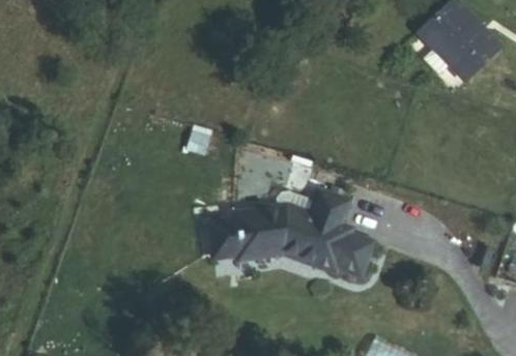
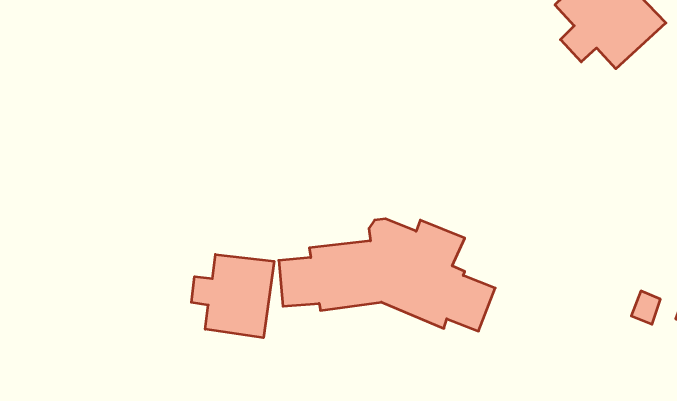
building: none -> [191,254,274,338]

